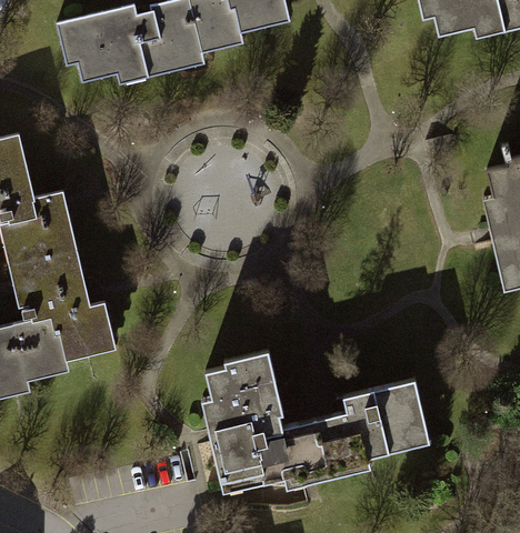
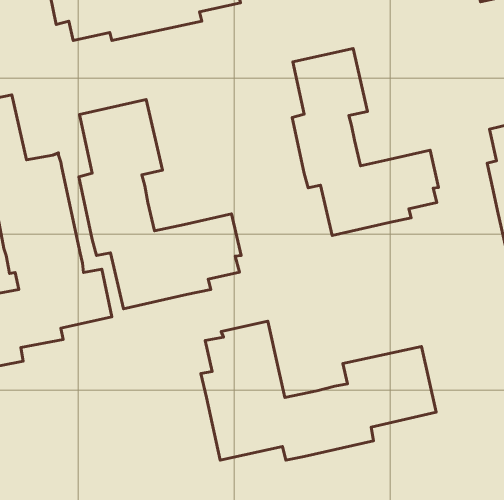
building: none -> [292,48,439,235]
building: none -> [79,100,241,309]

